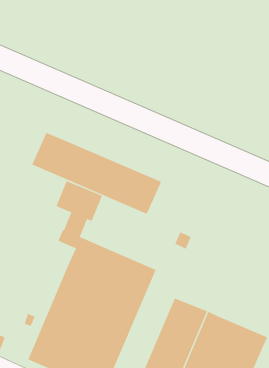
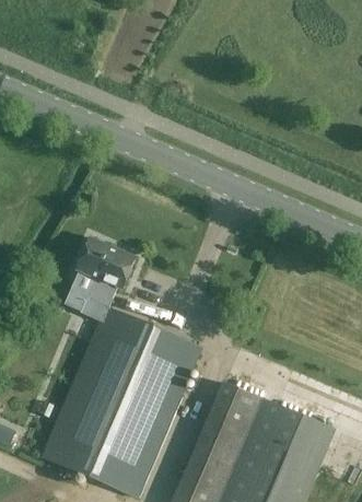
building: [32,132,162,214] -> none
building: none -> [65,269,96,310]

